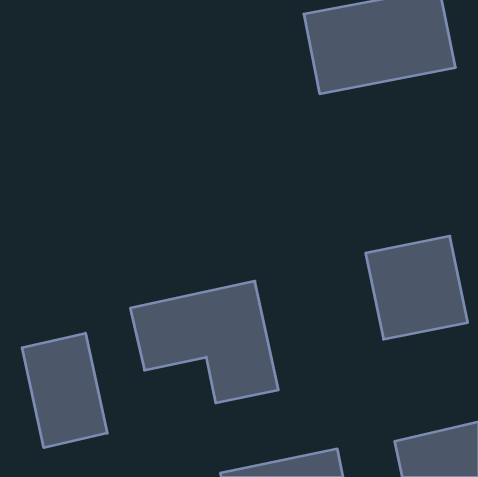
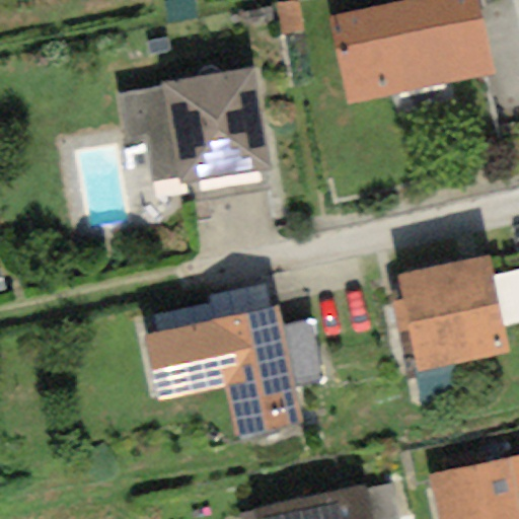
building: none -> [117,66,269,183]
building: [22,333,107,448] -> none

